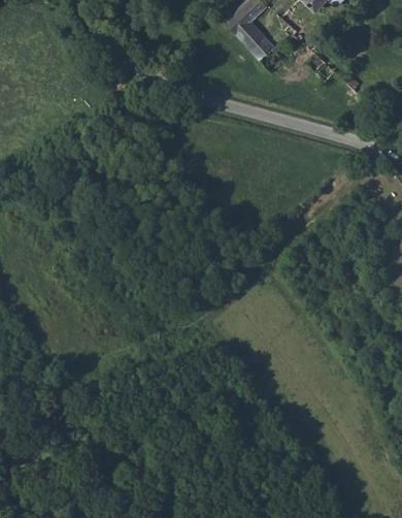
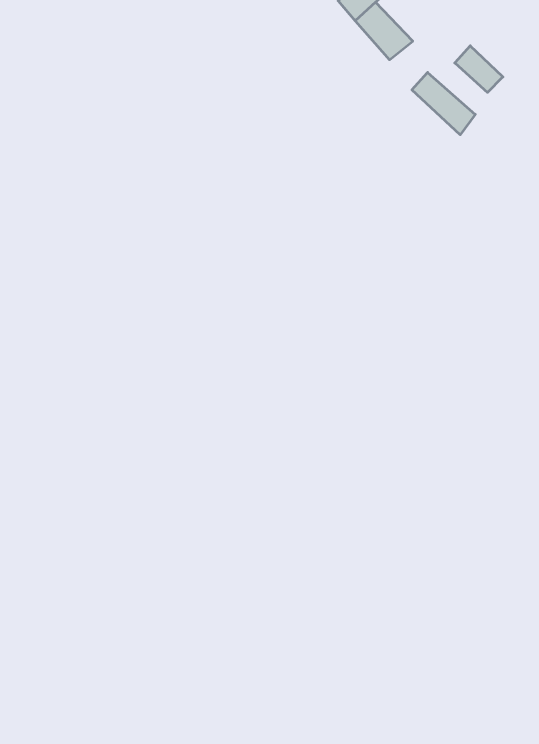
building: none -> [412,72,475,135]

